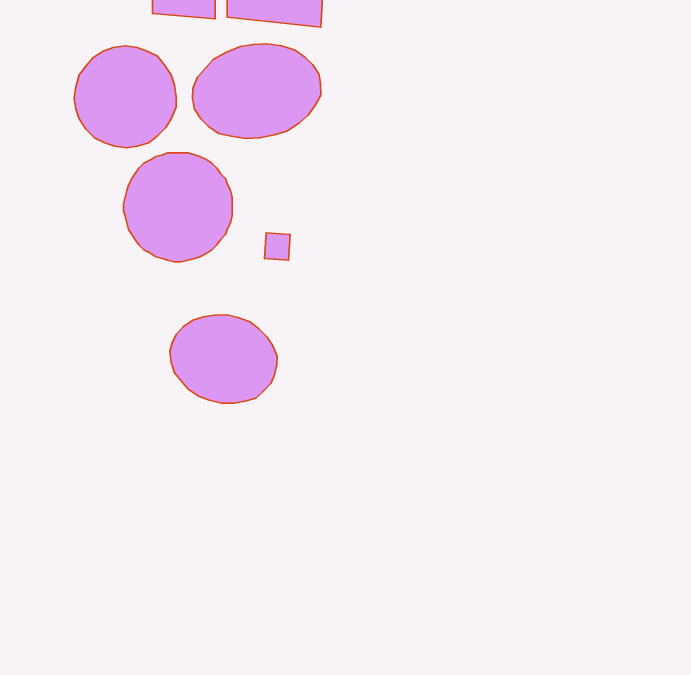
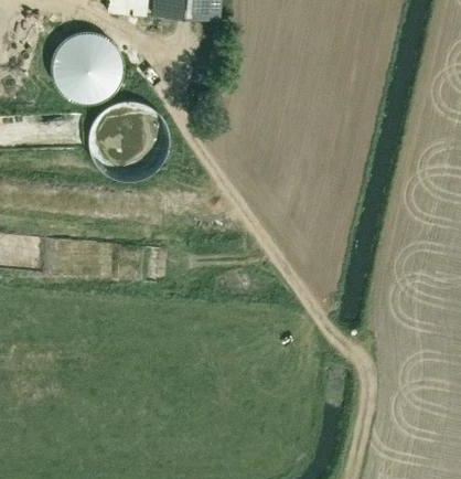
building: [192,44,321,138] -> none
building: [170,315,277,403] -> none

